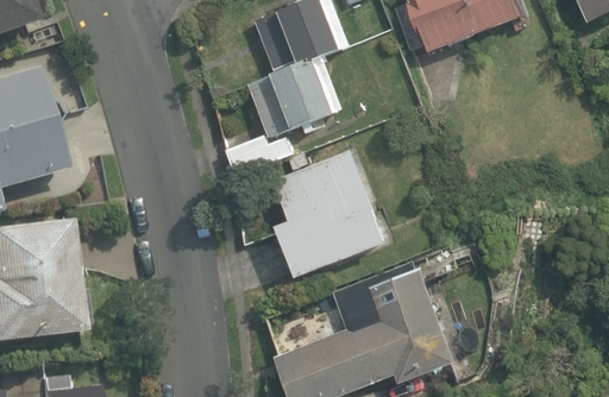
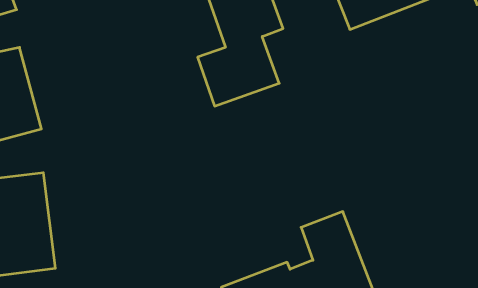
building: [271,146,389,275] -> none

